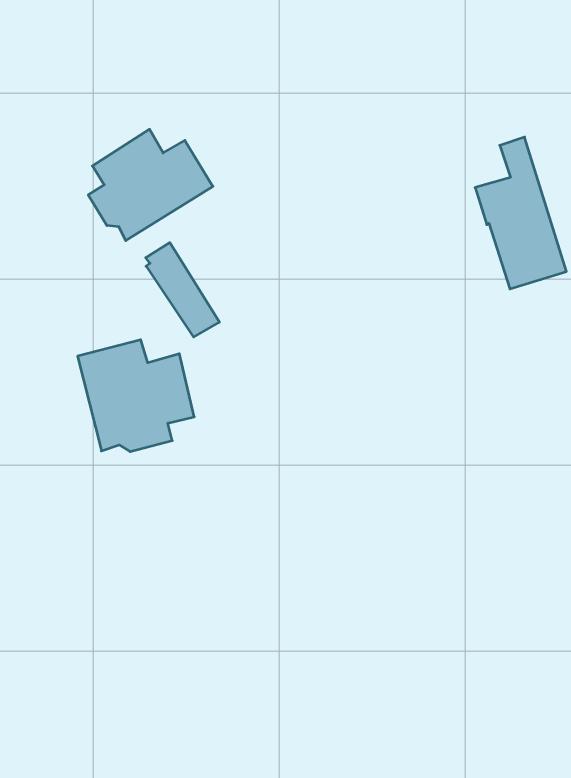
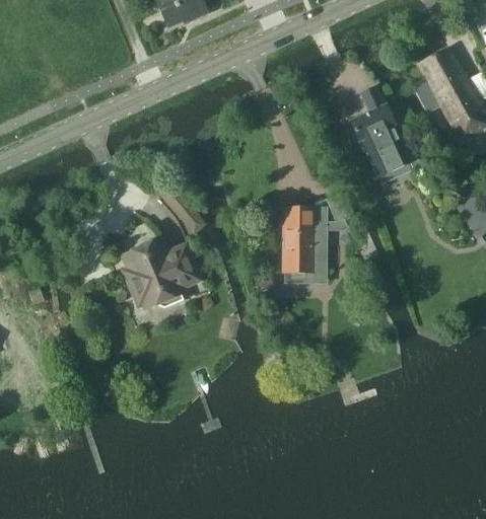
building: [88,129,213,241] -> none
building: none -> [282,206,347,282]

